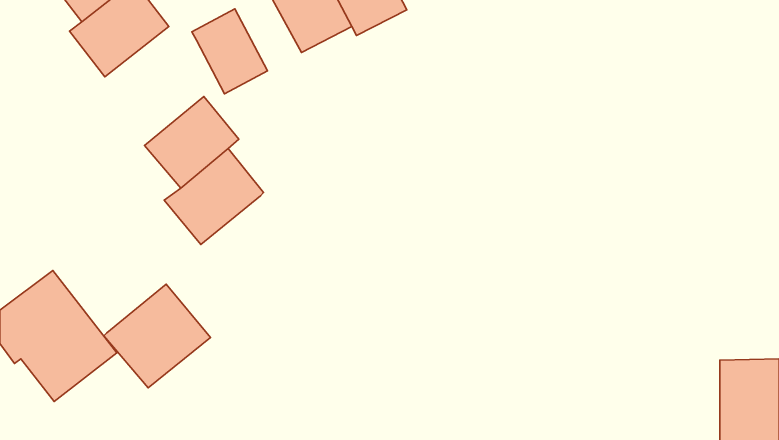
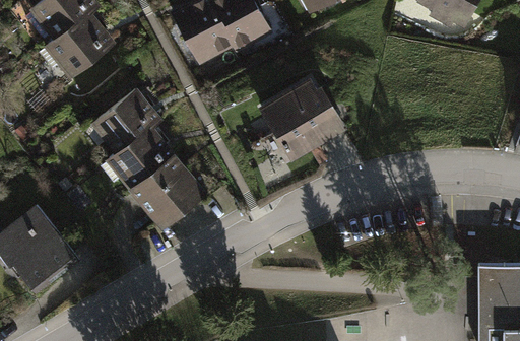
building: [192,9,267,94] -> none
building: none -> [263,83,340,153]
building: [104,284,211,388] -> [132,157,203,226]

